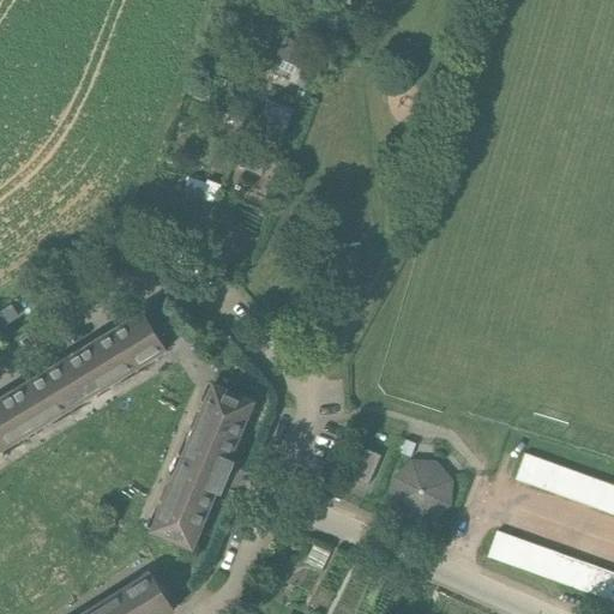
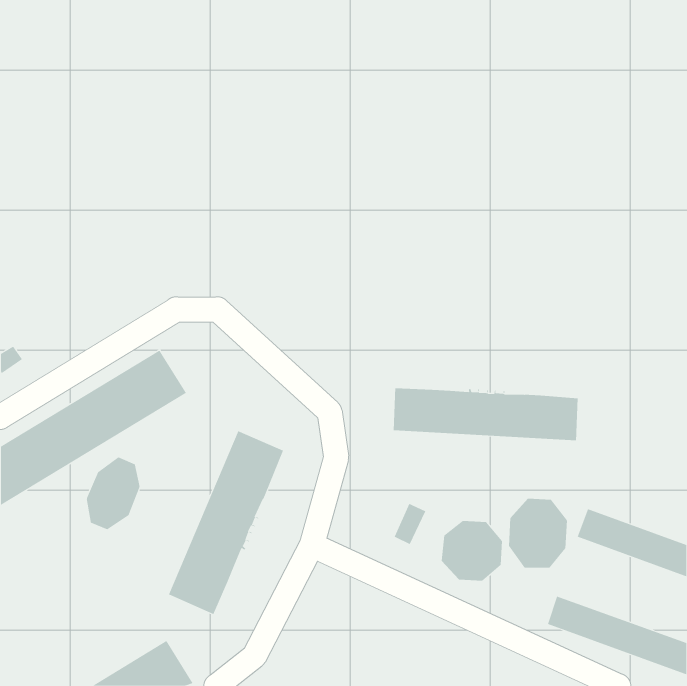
building: none -> [393,387,578,441]
building: none -> [86,457,140,530]
building: none -> [508,498,567,569]

